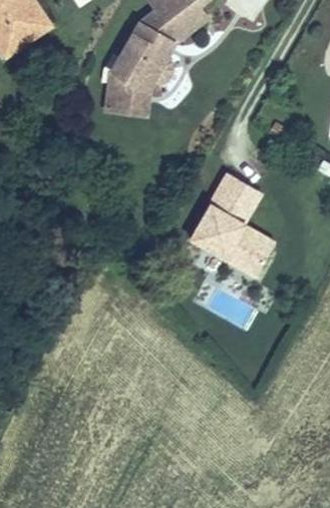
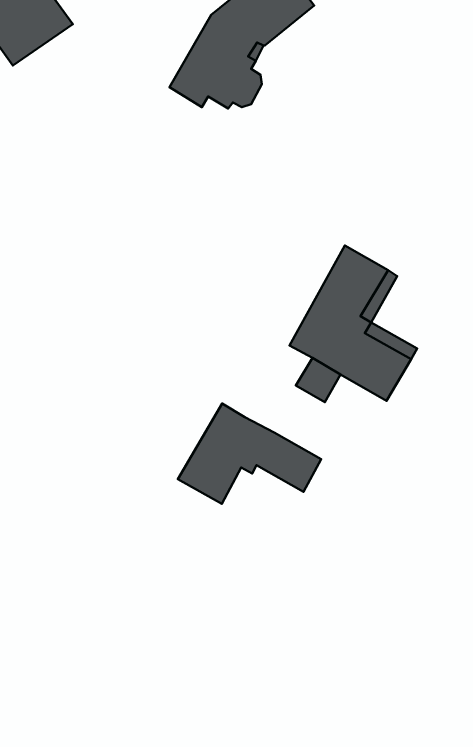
building: [106,70,149,114] -> none
building: none -> [178,404,321,504]

